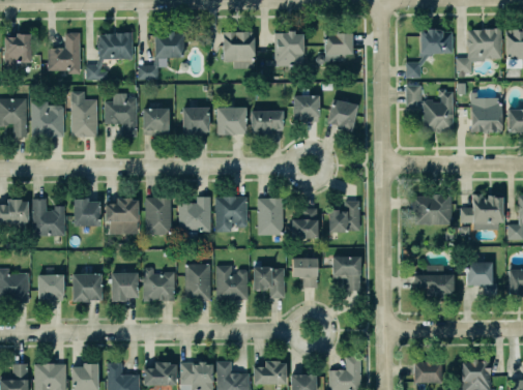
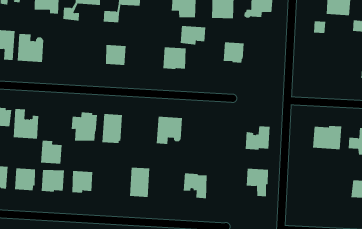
building: [405,86,453,131] -> none
building: [70,92,96,138] -> none
building: [104,93,137,138] -> none
building: [326,99,358,133] -> none
building: [182,108,208,136] -> none
building: [251,112,283,136] -> [180,26,206,45]
building: [178,197,209,232] -> none
building: [74,198,100,227] -> [40,140,63,164]
building: [257,198,283,235] -> none
building: [291,208,317,238] -> none
building: [292,258,317,288] -> none
building: [215,265,248,300] -> none
building: [414,265,454,294] -> none
building: [142,268,174,301] -> none

